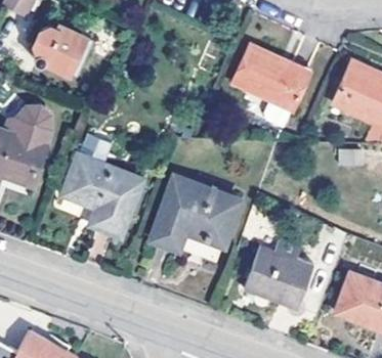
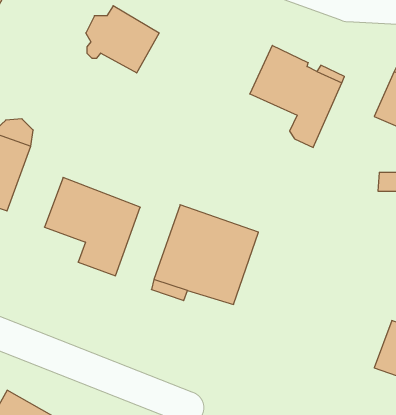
building: [31,21,91,77] -> [86,6,159,73]
building: [245,239,315,307] -> none

